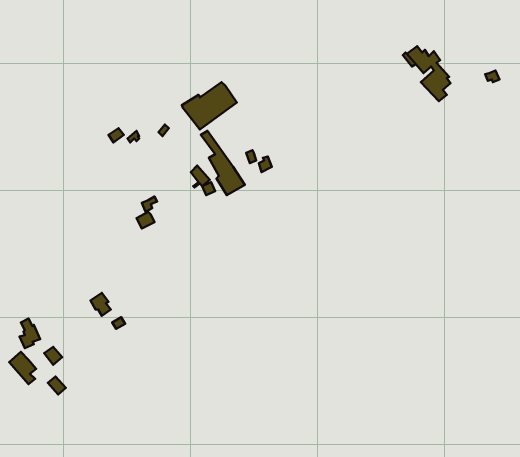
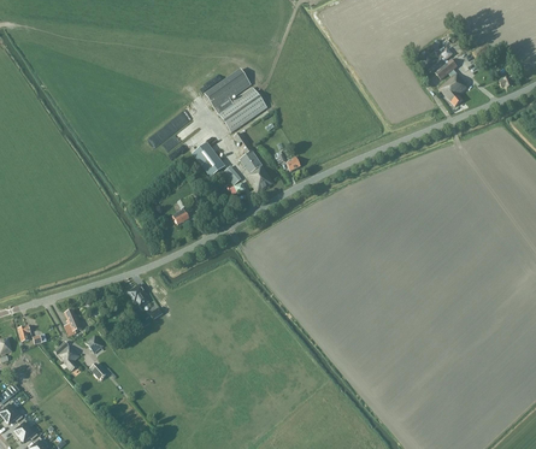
building: none -> [205,67,252,108]
building: none -> [192,142,225,178]

